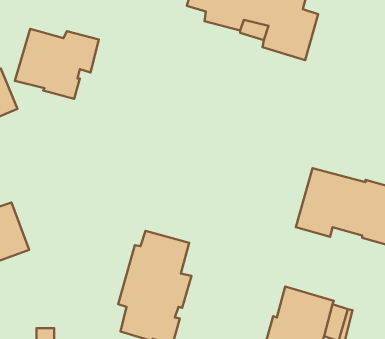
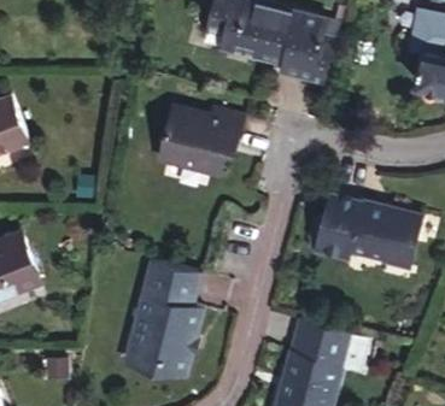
building: [15,29,99,99] -> [159,108,245,180]

